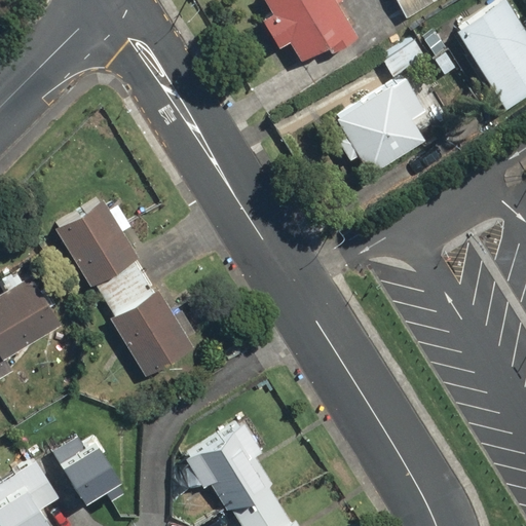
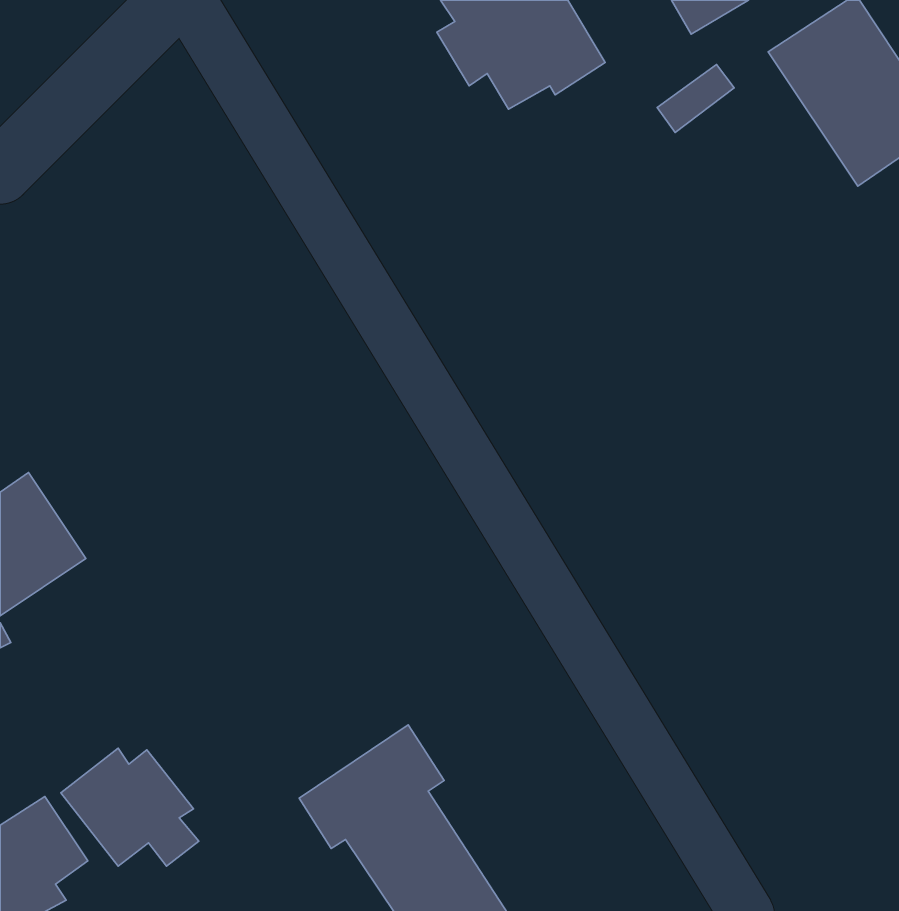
building: [333,75,428,175] -> none
building: [53,196,139,288] -> none
building: [109,288,196,374] -> none

